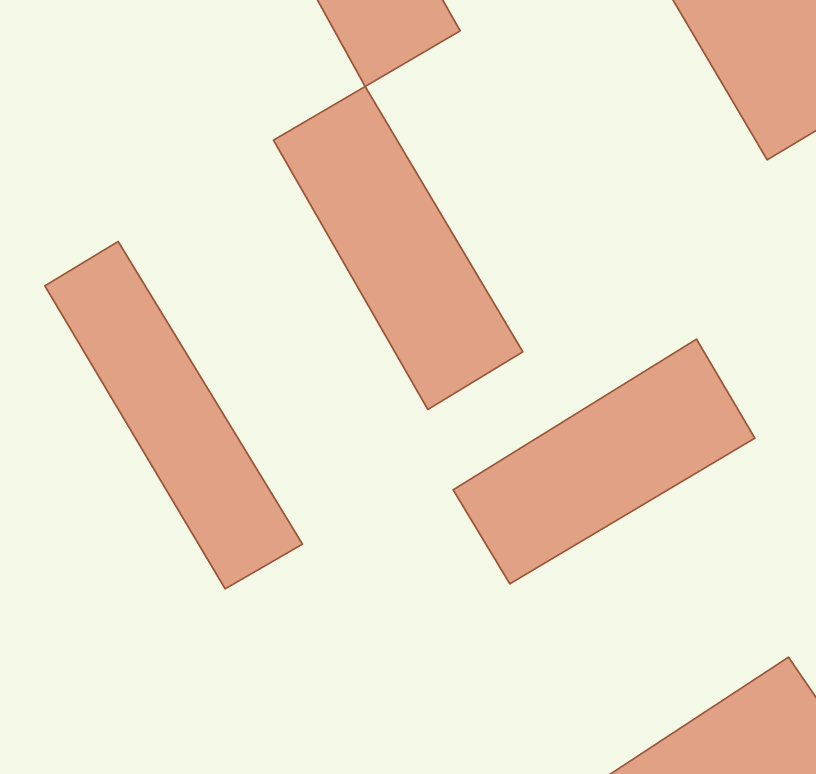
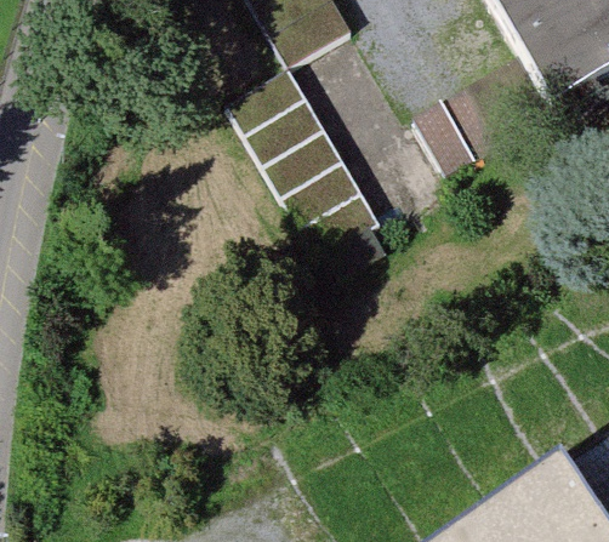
building: [45,242,302,589] -> none
building: [453,339,755,584] -> none

